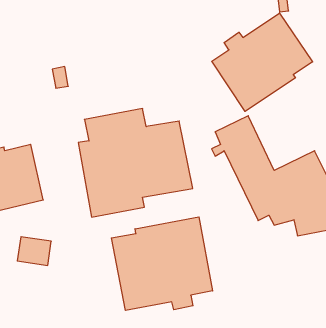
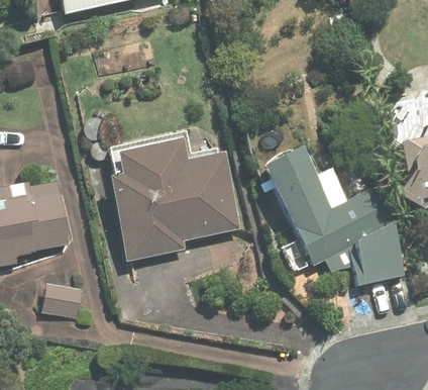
building: [212,13,313,111] -> none
building: [111,217,213,310] -> none

